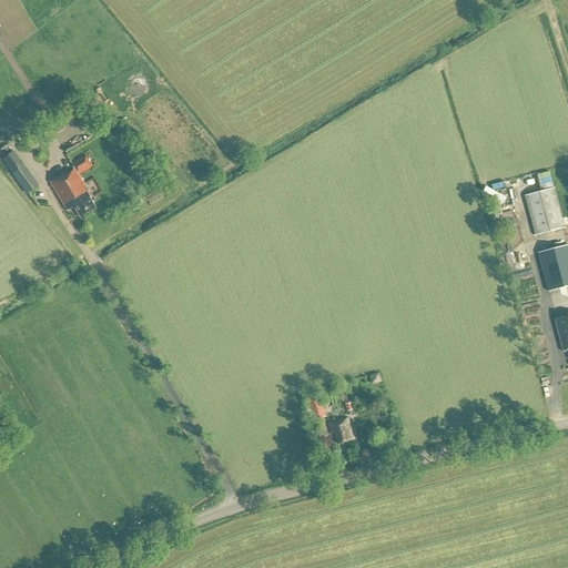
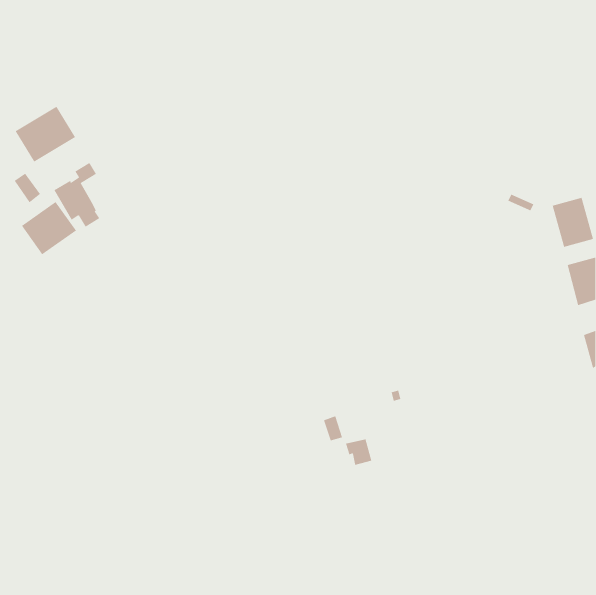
building: none -> [15,106,76,163]
building: none -> [21,201,77,255]

